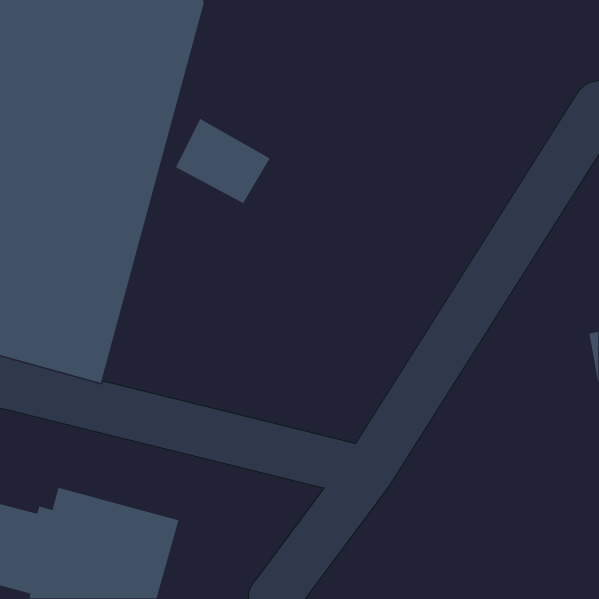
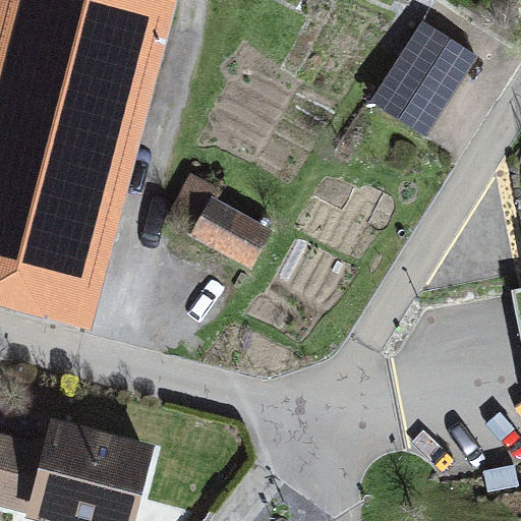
building: none -> [364,17,476,135]
building: [175,118,271,204] -> [188,196,271,271]

